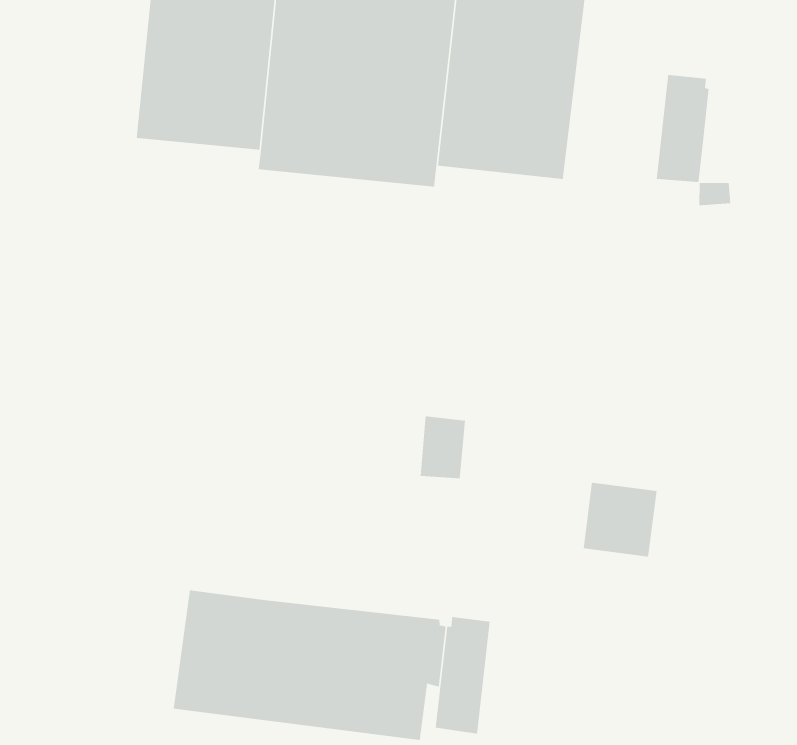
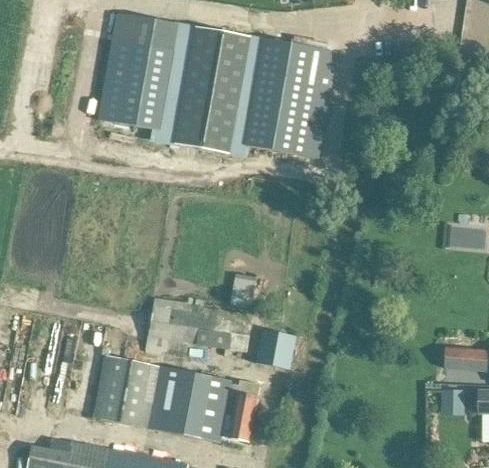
building: [656,74,709,183] -> none
building: none -> [144,297,253,358]
building: [583,482,657,557] -> [256,328,297,369]

